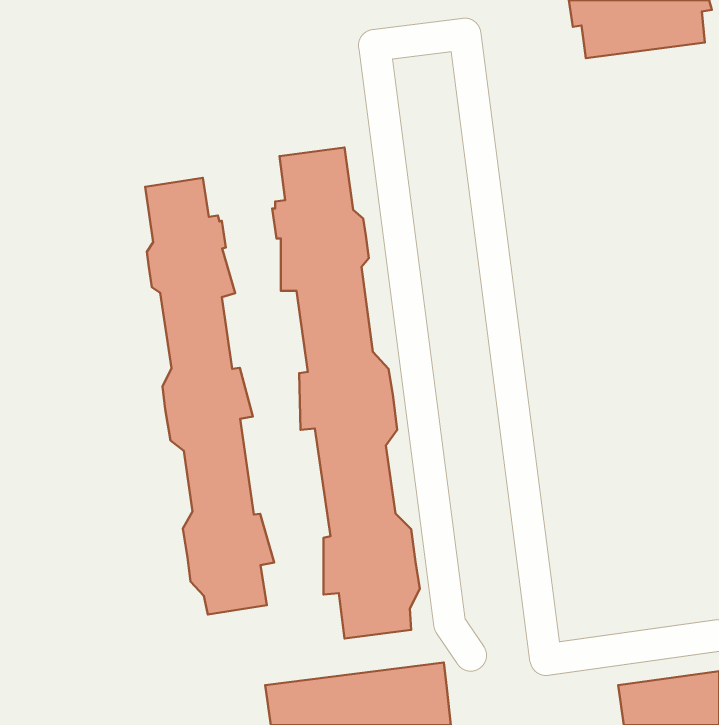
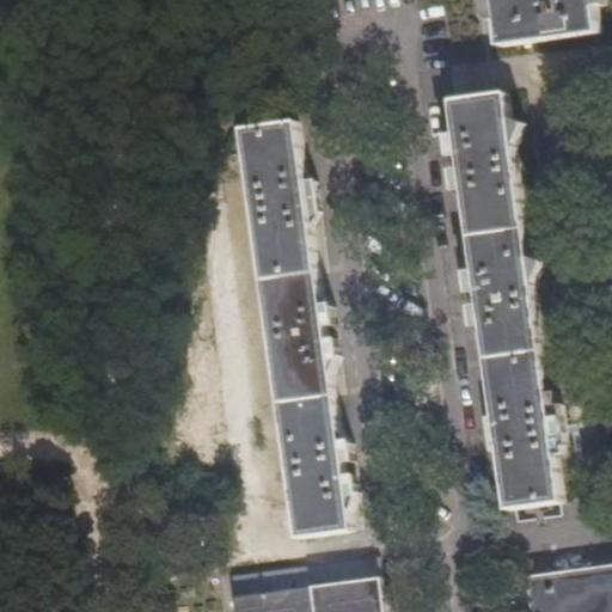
building: none -> [437,97,561,508]
building: [145,178,274,614] -> none

